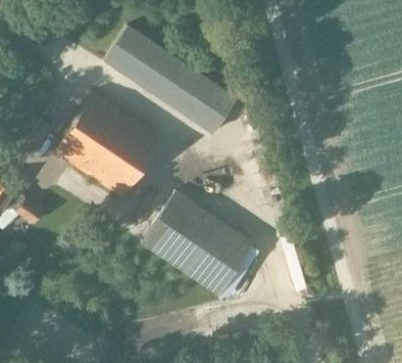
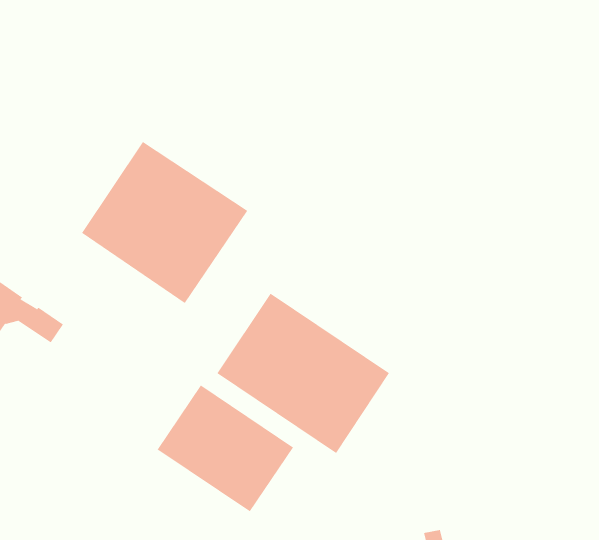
building: [104,27,237,134] -> none
building: none -> [157,385,294,512]

